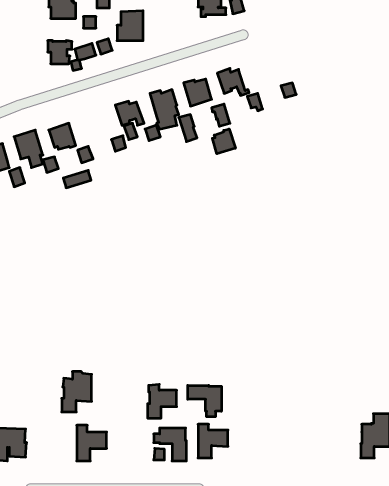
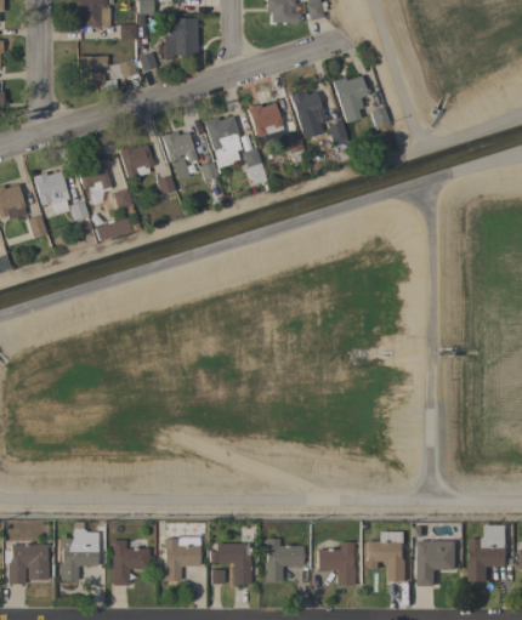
building: none -> [333,75,370,123]
building: none -> [119,144,154,177]
building: [212,129,235,154] -> none
building: [62,372,92,412] -> [61,529,98,580]
building: [148,384,177,418] -> [164,539,200,581]
building: [188,385,221,417] -> none
building: none -> [368,530,408,581]
building: none -> [420,541,458,586]
building: none -> [318,542,352,570]

